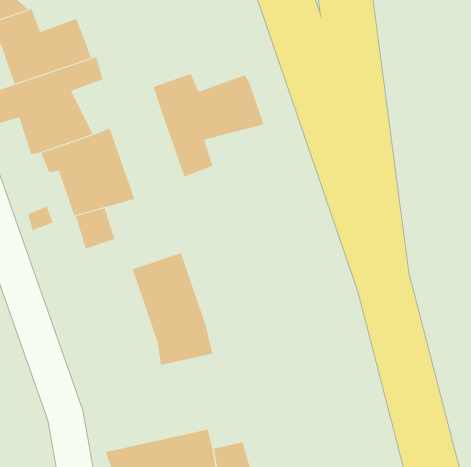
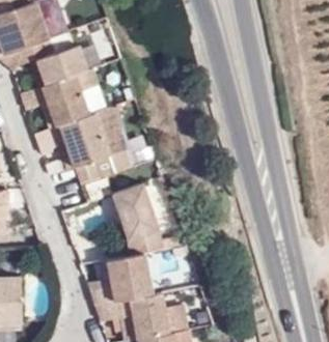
building: [153,73,264,177] -> none
building: none -> [89,254,158,312]

